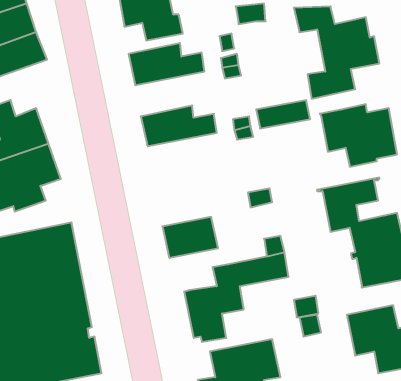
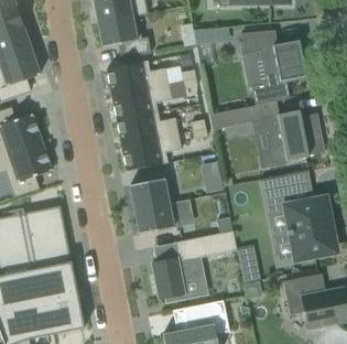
building: none -> [111,84,171,120]
building: none -> [121,133,181,171]
building: none -> [129,178,173,209]

